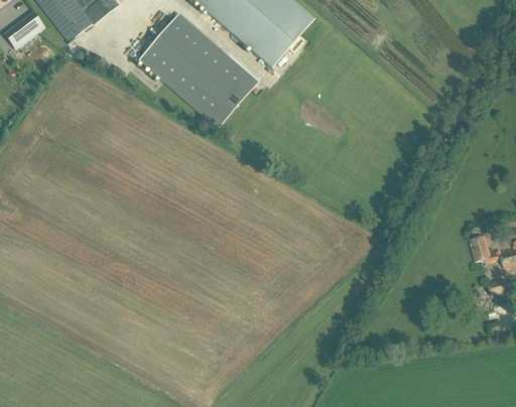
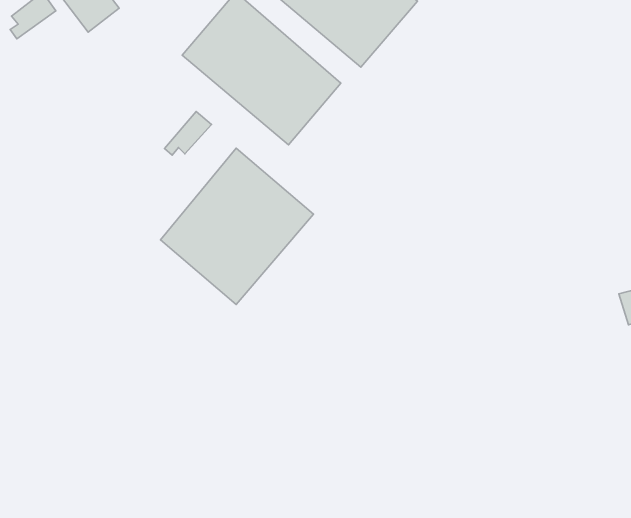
building: none -> [165,112,212,155]
building: none -> [160,148,314,305]

